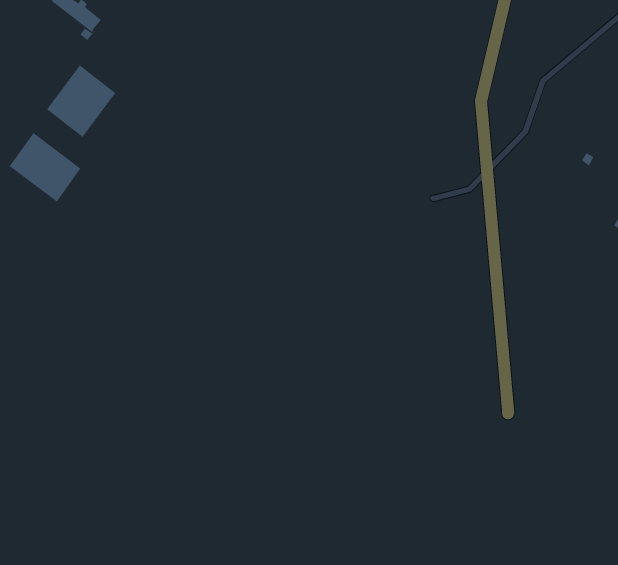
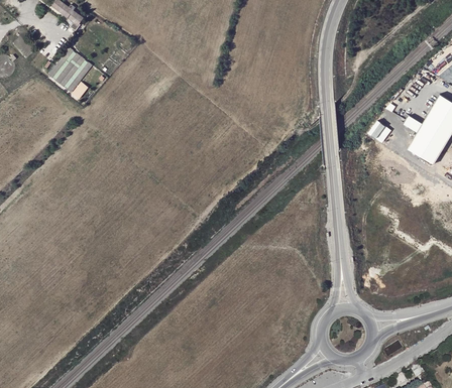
building: [9,132,81,202] -> none

